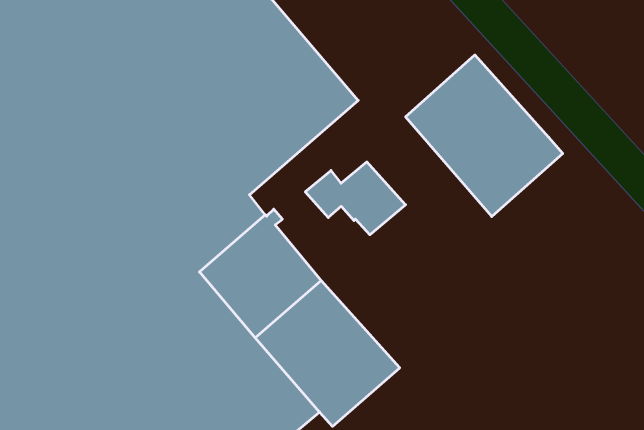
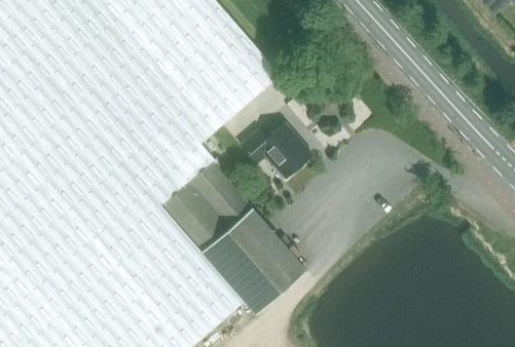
building: [406,55,563,217] -> none

